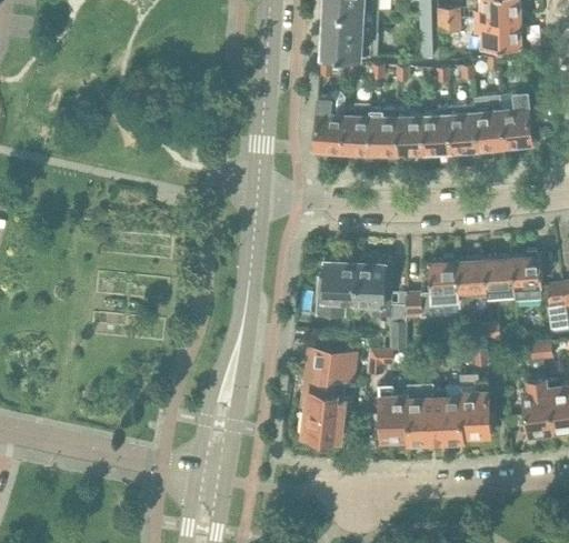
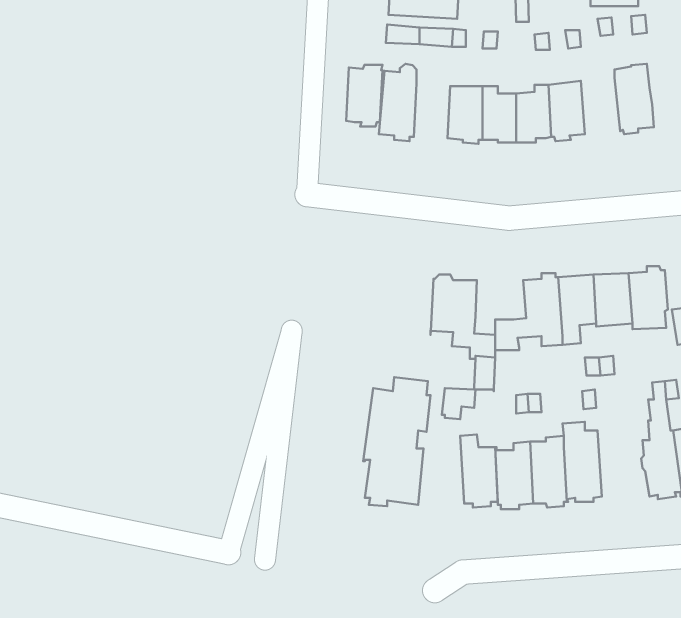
building: [473,98,505,152] -> none
building: [341,107,370,155] -> [346,65,383,126]
building: [317,262,357,318] -> none

